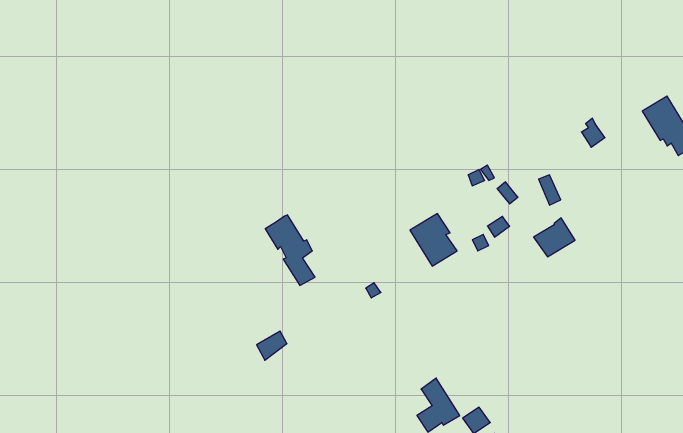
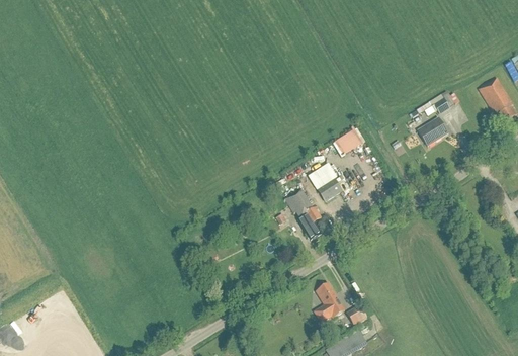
building: [265,215,315,285] -> [284,188,321,240]
building: [534,218,575,257] -> [417,117,447,146]

